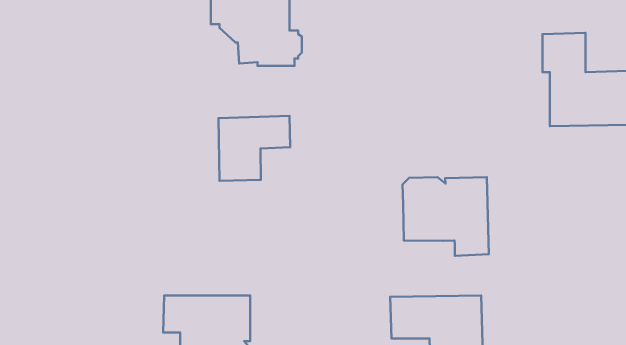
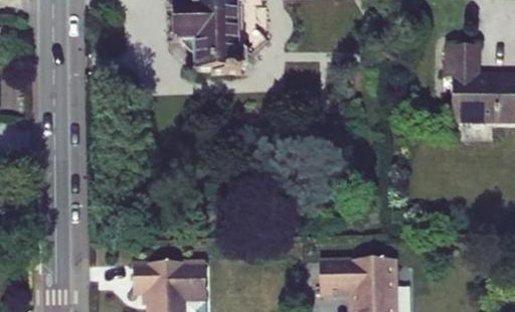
building: [219,116,290,181] -> none
building: [403,177,489,256] -> none

